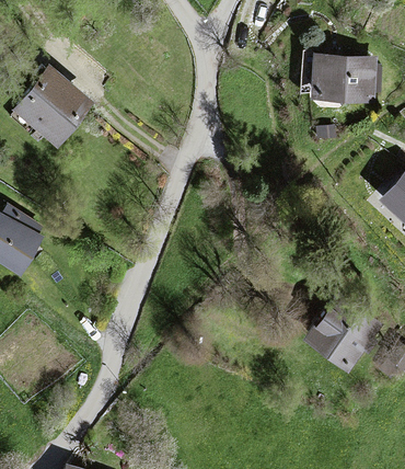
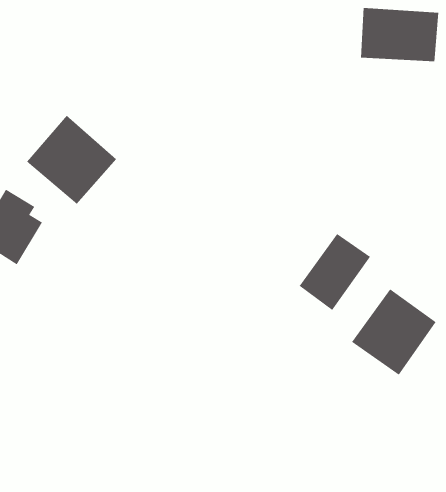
building: [11,69,88,145] -> [26,115,117,204]
building: none -> [299,233,371,311]

